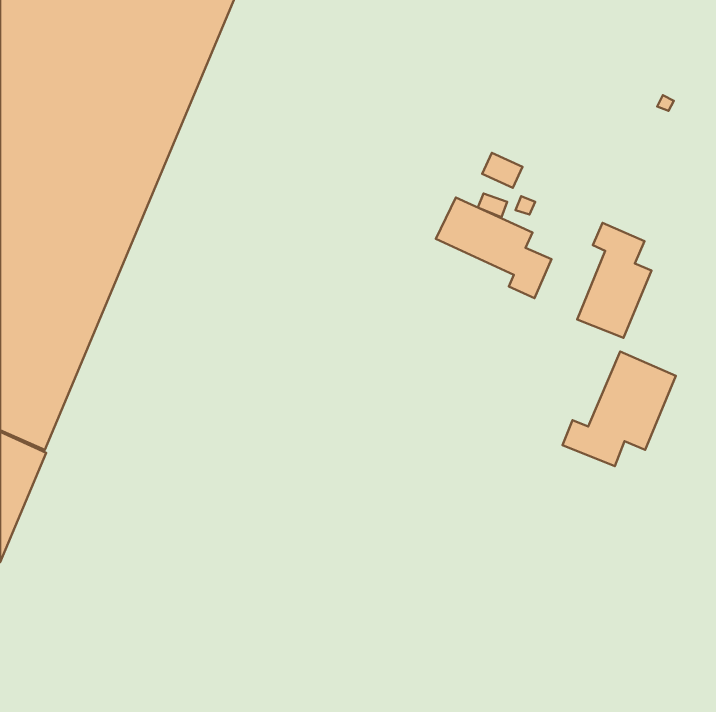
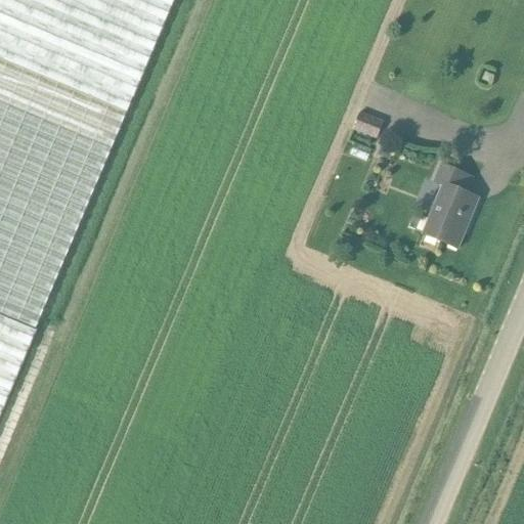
building: [436,197,552,298] -> none
building: [563,351,676,466] -> none

